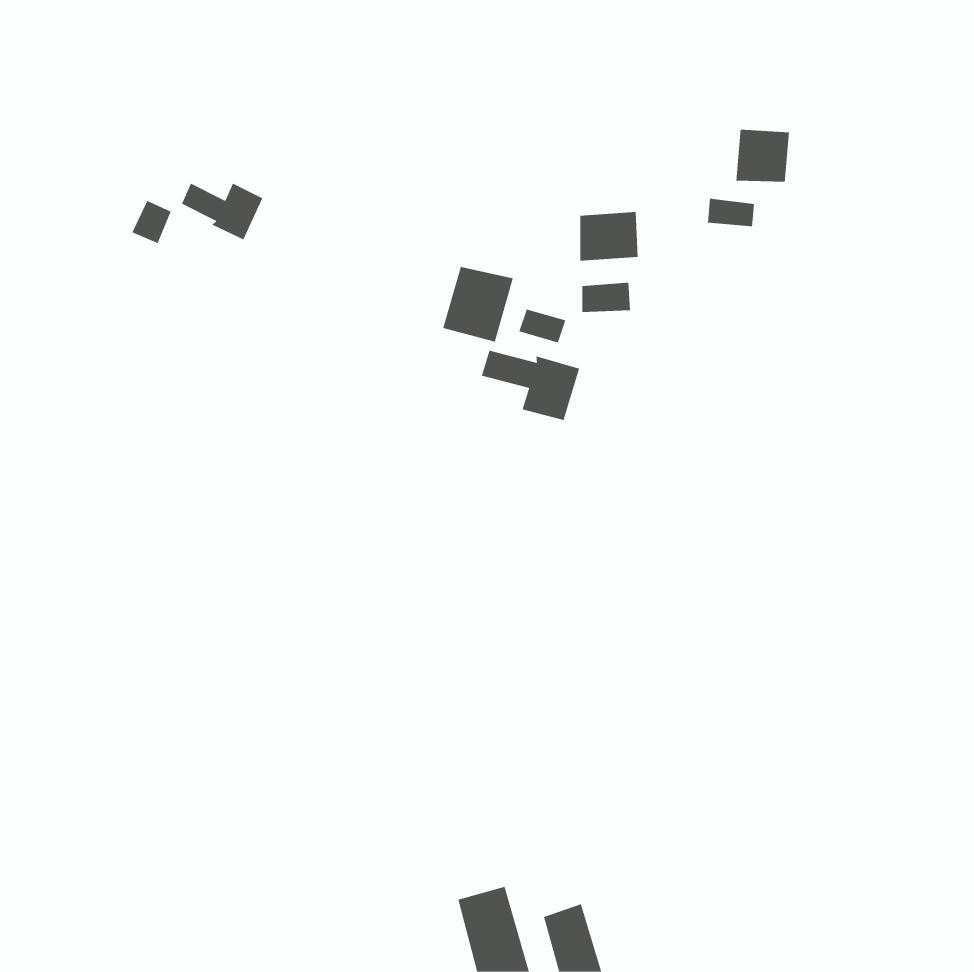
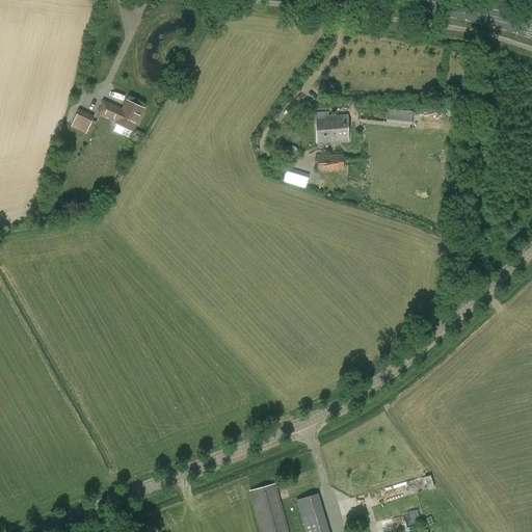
building: [736,129,789,183] -> none
building: [442,266,514,342] -> none
building: [481,350,580,421] -> none

